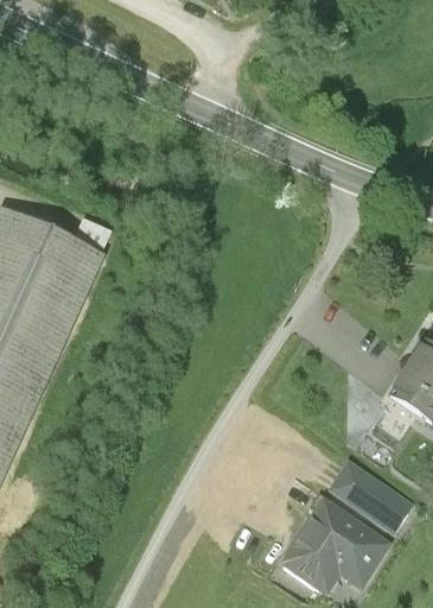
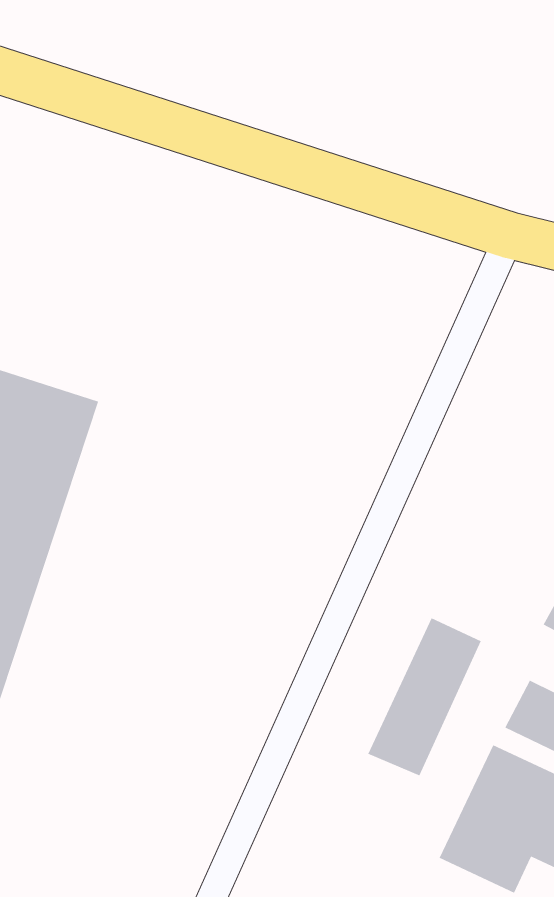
building: none -> [367,617,482,776]

